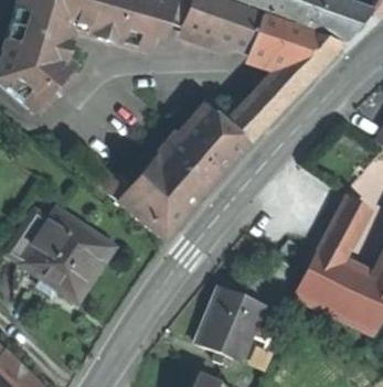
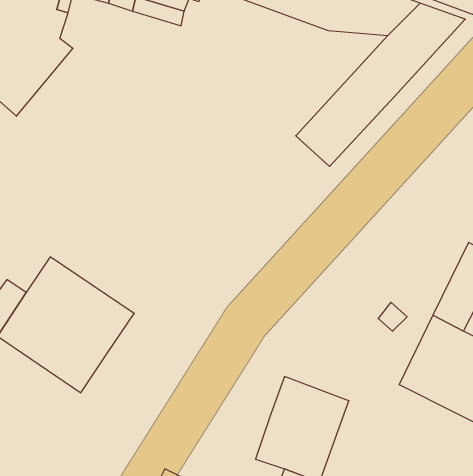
building: [121,107,248,240] -> none

